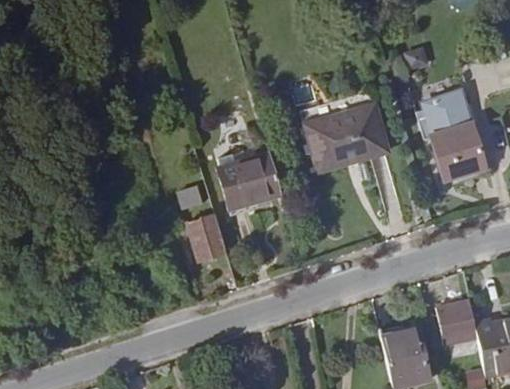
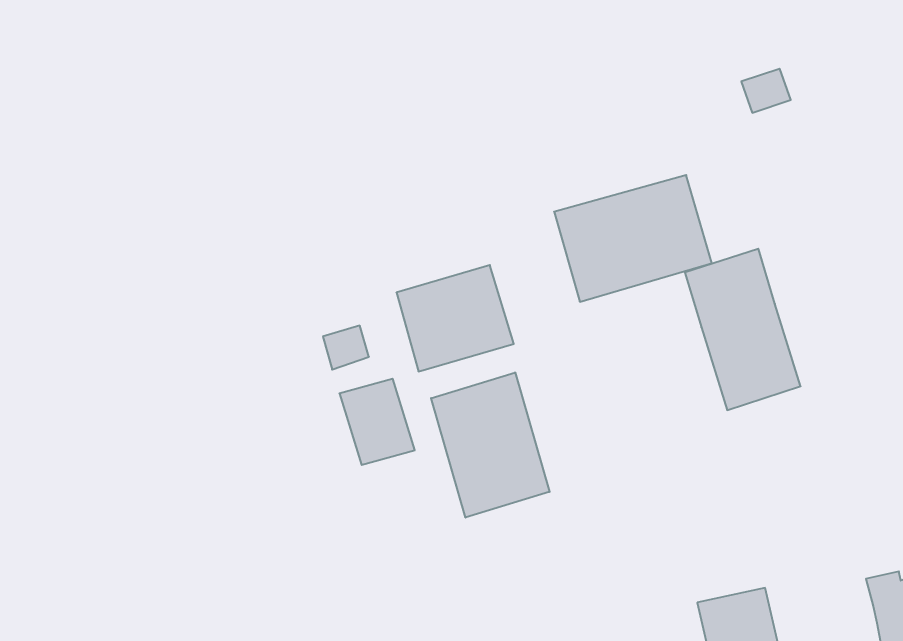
building: [422,92,485,180] -> [685,249,801,410]
building: none -> [431,372,550,518]
building: [435,299,476,345] -> none

